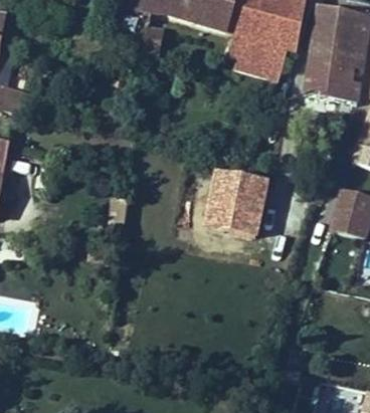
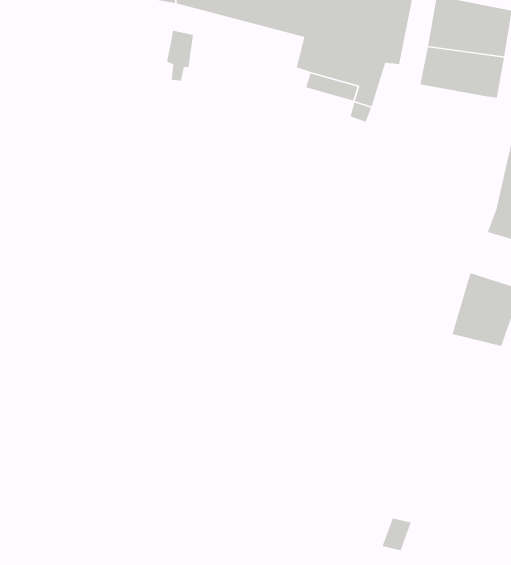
building: [304,63,359,102] -> none
building: [205,171,266,235] -> none

